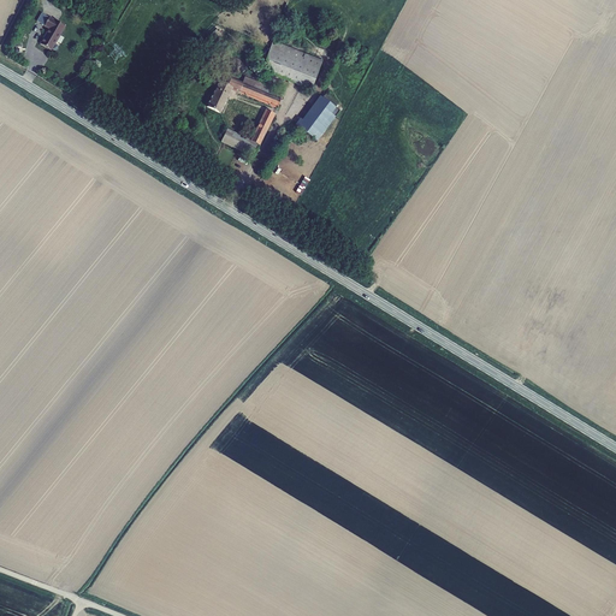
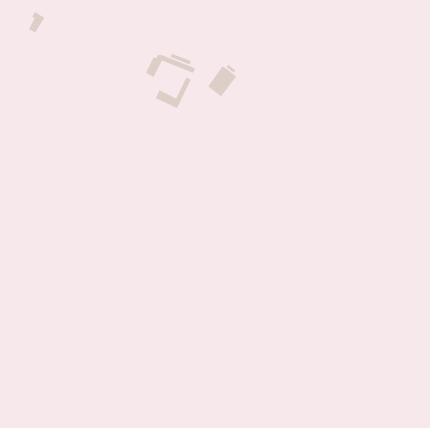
building: [261,40,322,88] -> none

